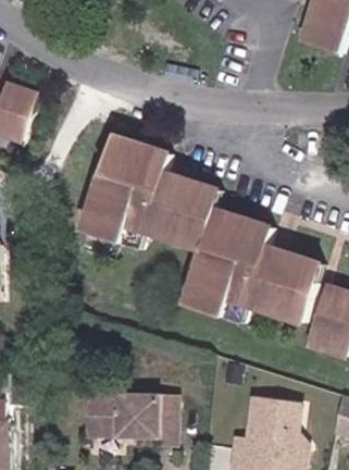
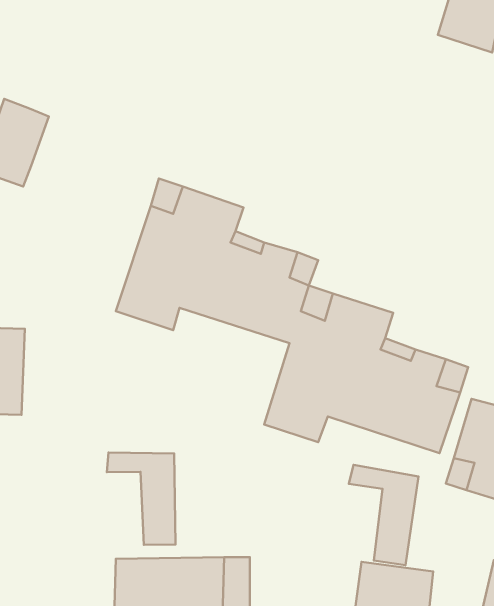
building: none -> [107,452,176,545]
building: none -> [349,465,419,565]

